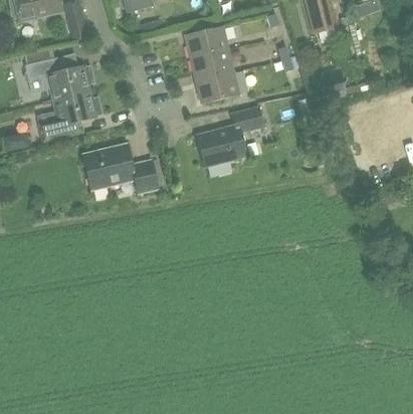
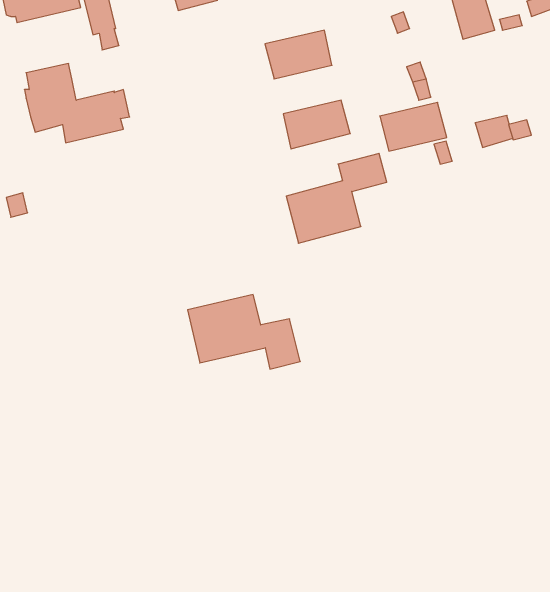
building: [190,47,234,79] -> [380,102,447,151]
building: [37,89,102,140] -> none
building: [83,143,158,192] -> [188,295,300,369]

